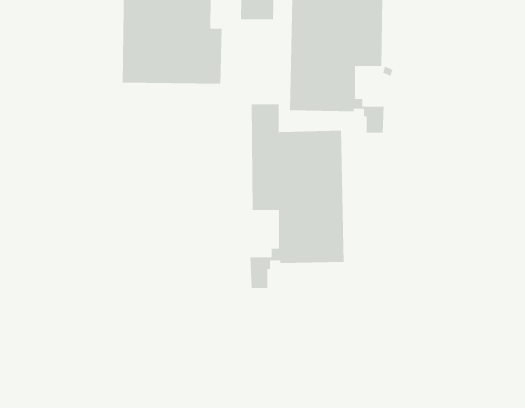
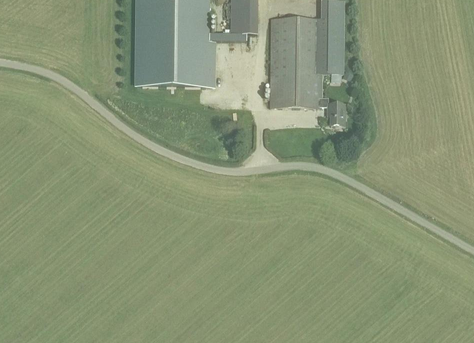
building: [249,103,344,289] -> none

